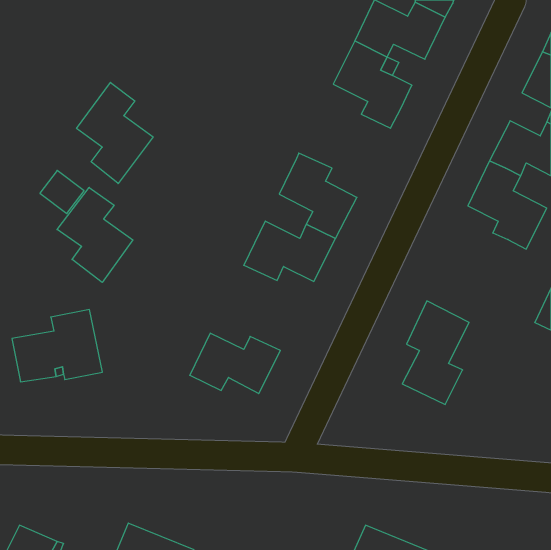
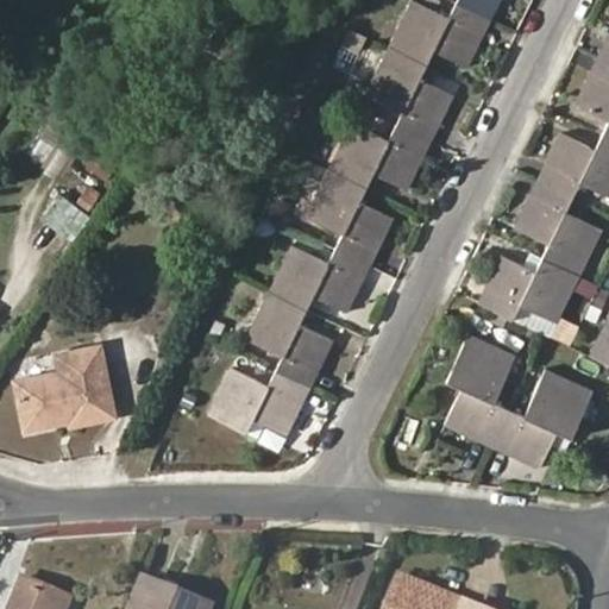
building: [77,82,153,184] -> none
building: none -> [329,123,431,190]
building: [57,187,133,282] -> none
building: none -> [478,257,580,325]
building: none -> [247,294,333,388]
building: none -> [491,370,595,470]

